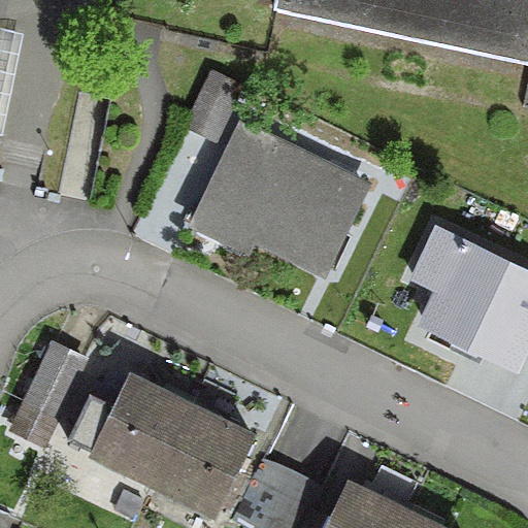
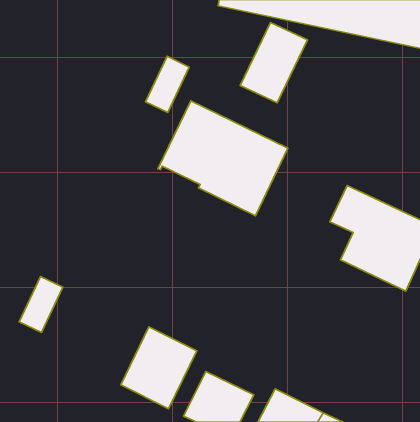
building: none -> [240,23,307,103]
building: [93,377,189,480] -> none

